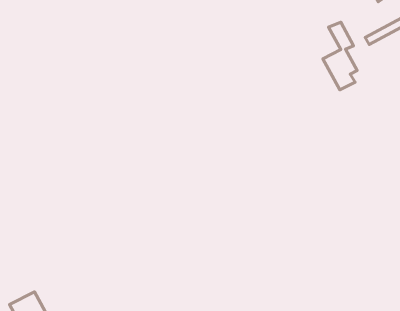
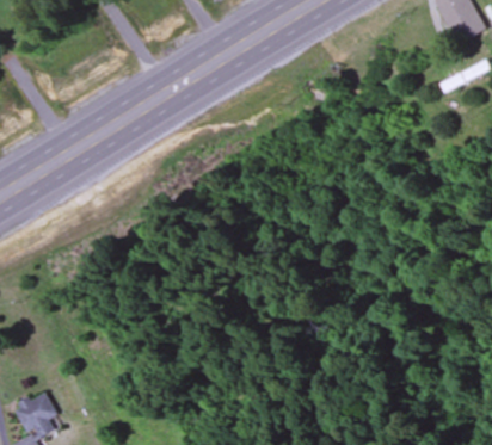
building: [323,22,357,90] -> none

